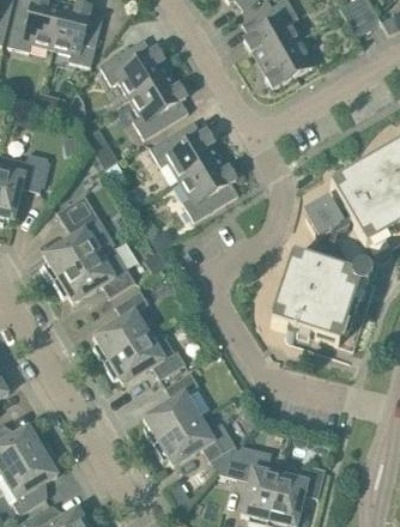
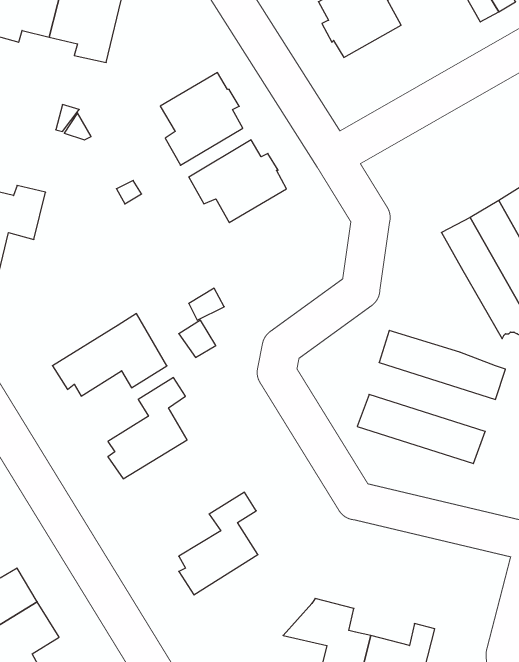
building: [98,36,169,95] -> none
building: [259,37,314,86] -> none
building: [177,153,237,219] -> none
building: [41,192,113,278] -> none
building: [303,202,371,279] -> none
building: [277,277,366,326] -> none
building: [102,326,183,382] -> none
building: [152,414,234,464] -> none

